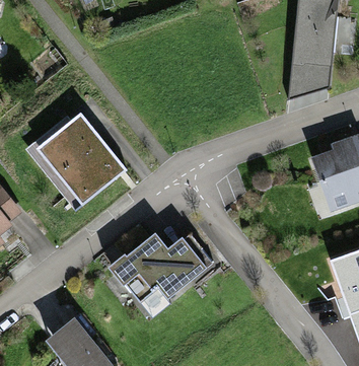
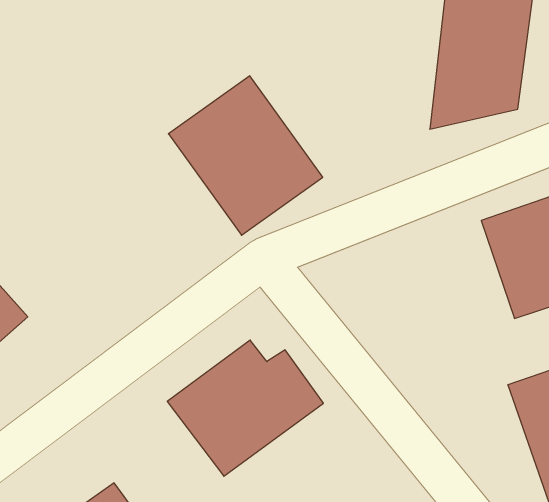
building: [42,115,136,212] -> [168,76,323,235]

